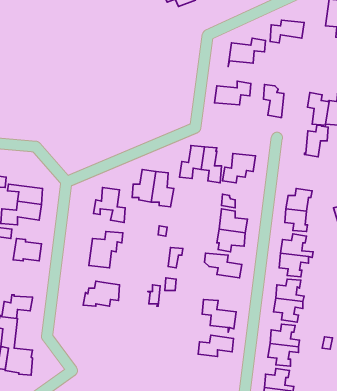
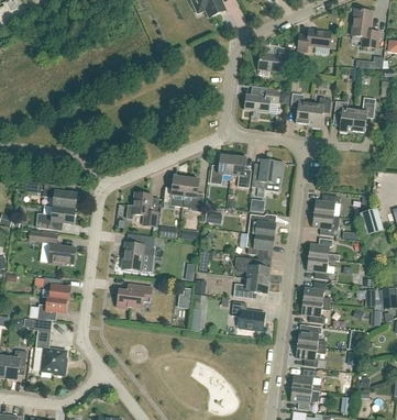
building: [305,125,328,157] -> [307,97,330,128]
building: none -> [41,277,69,300]
building: [198,335,233,356] -> [233,277,267,298]

